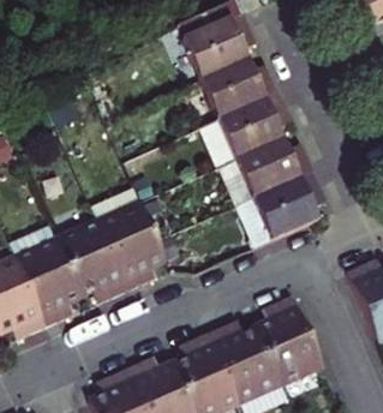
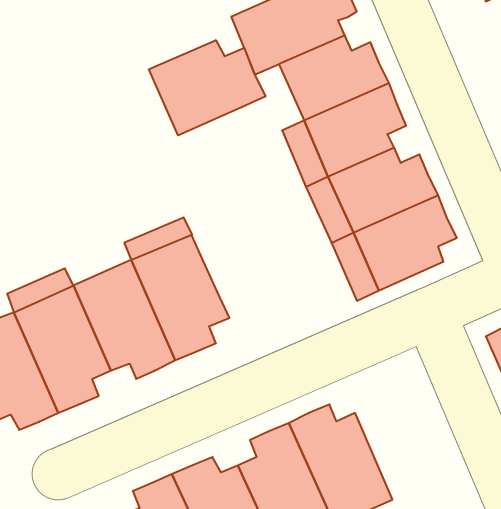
building: none -> [149,40,266,135]
building: [256,295,325,387] -> none

